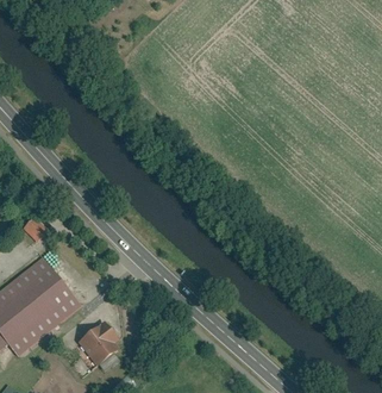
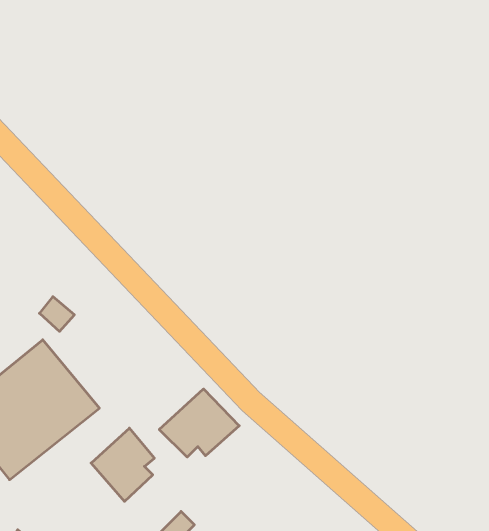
building: none -> [159,389,239,457]

